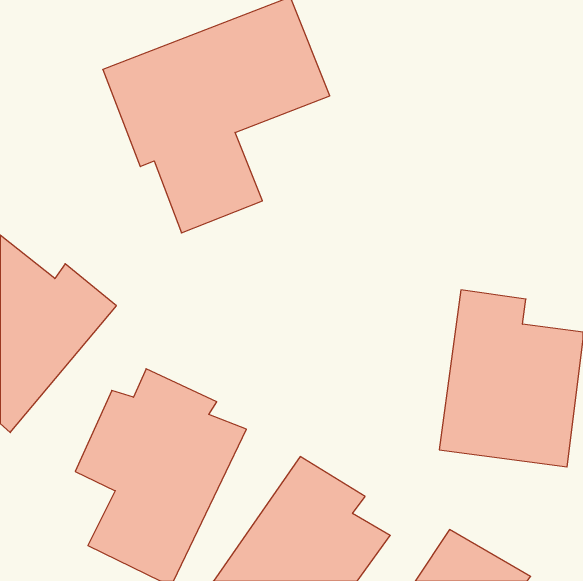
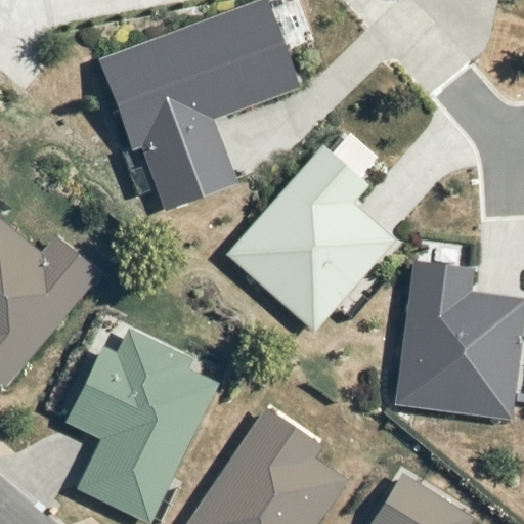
building: none -> [222,144,394,333]

